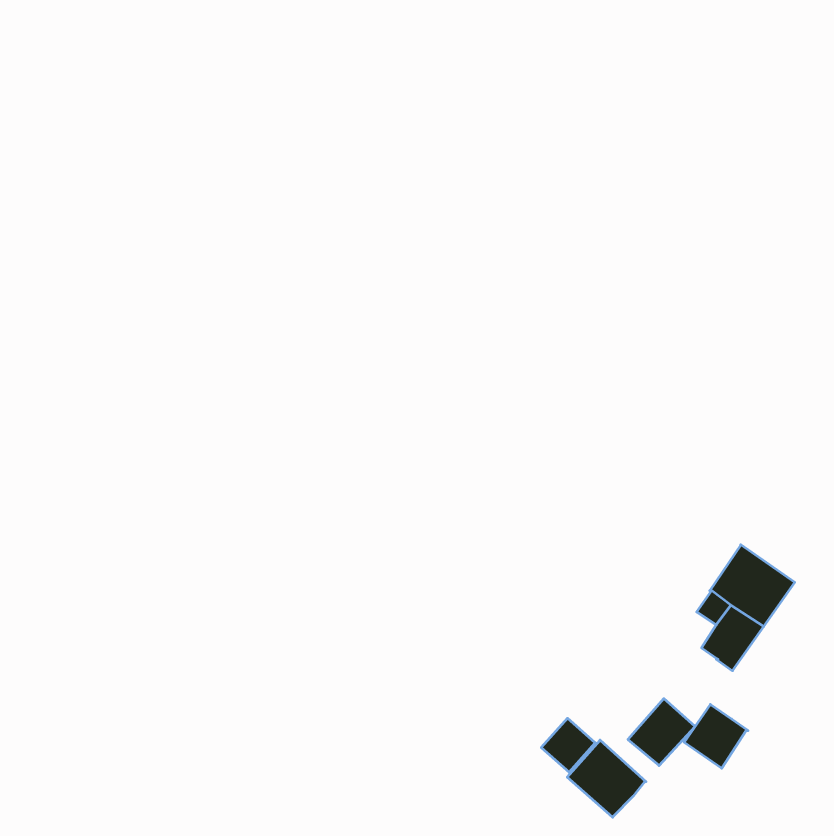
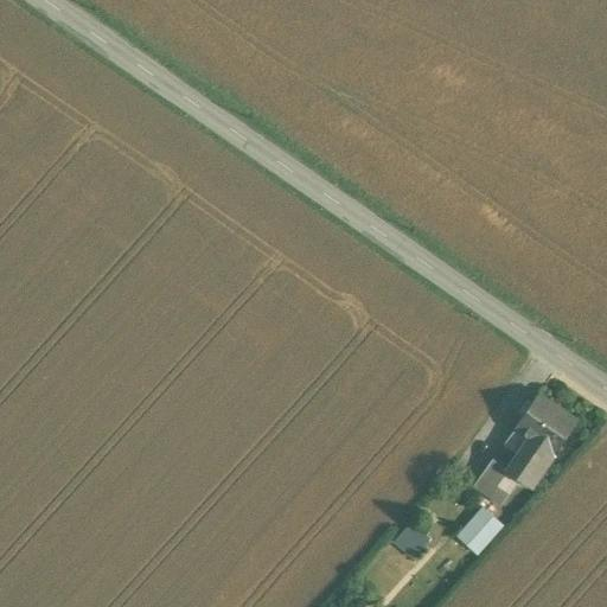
building: [684,704,748,768] -> [474,459,520,505]
building: [567,740,646,817] -> none

